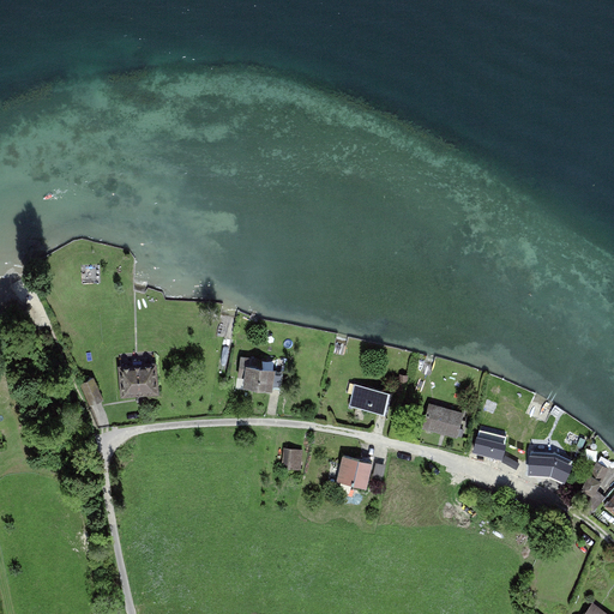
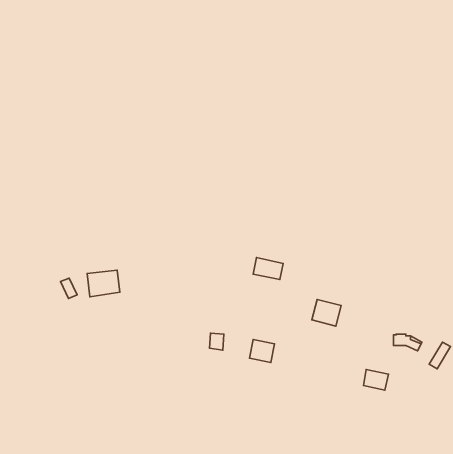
building: [240,362,277,390] -> none
building: [349,385,390,415] -> [253,257,283,280]
building: [474,429,507,457] -> [363,370,388,390]

